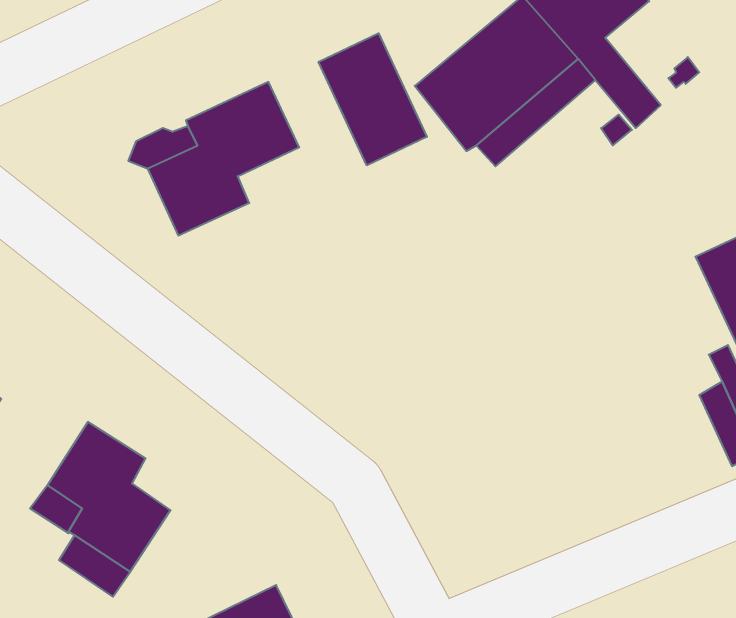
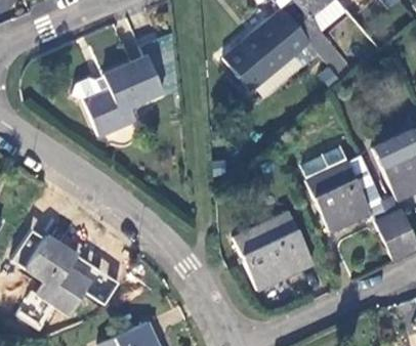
building: [319,33,427,165] -> none
building: none -> [305,160,372,230]
building: none -> [233,210,314,288]

